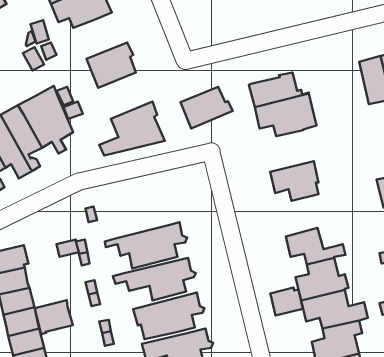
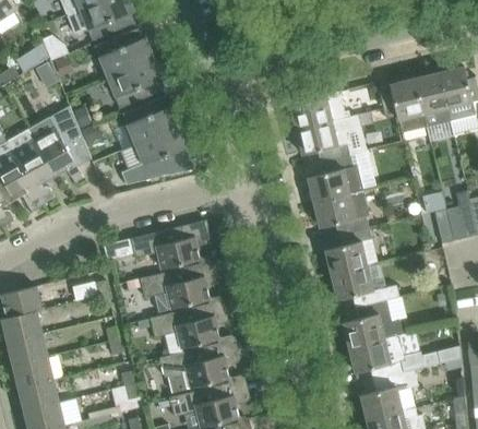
building: none -> [93,28,152,75]
building: none -> [378,79,425,132]
building: [181,87,233,128] -> [121,96,180,143]
building: none -> [307,156,362,203]
building: none -> [129,221,211,269]
building: none -> [324,228,378,276]
building: [270,287,303,316] -> none
building: [35,300,73,334] -> none

